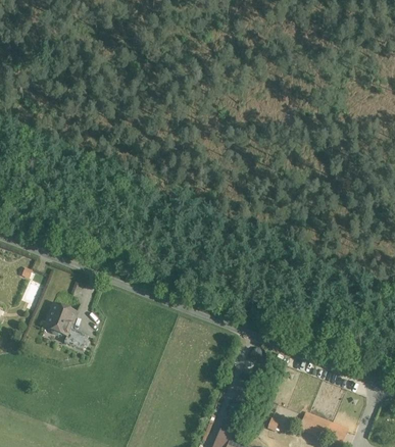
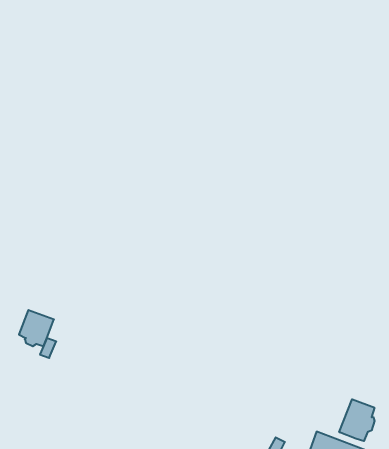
building: none -> [339,399,374,441]

